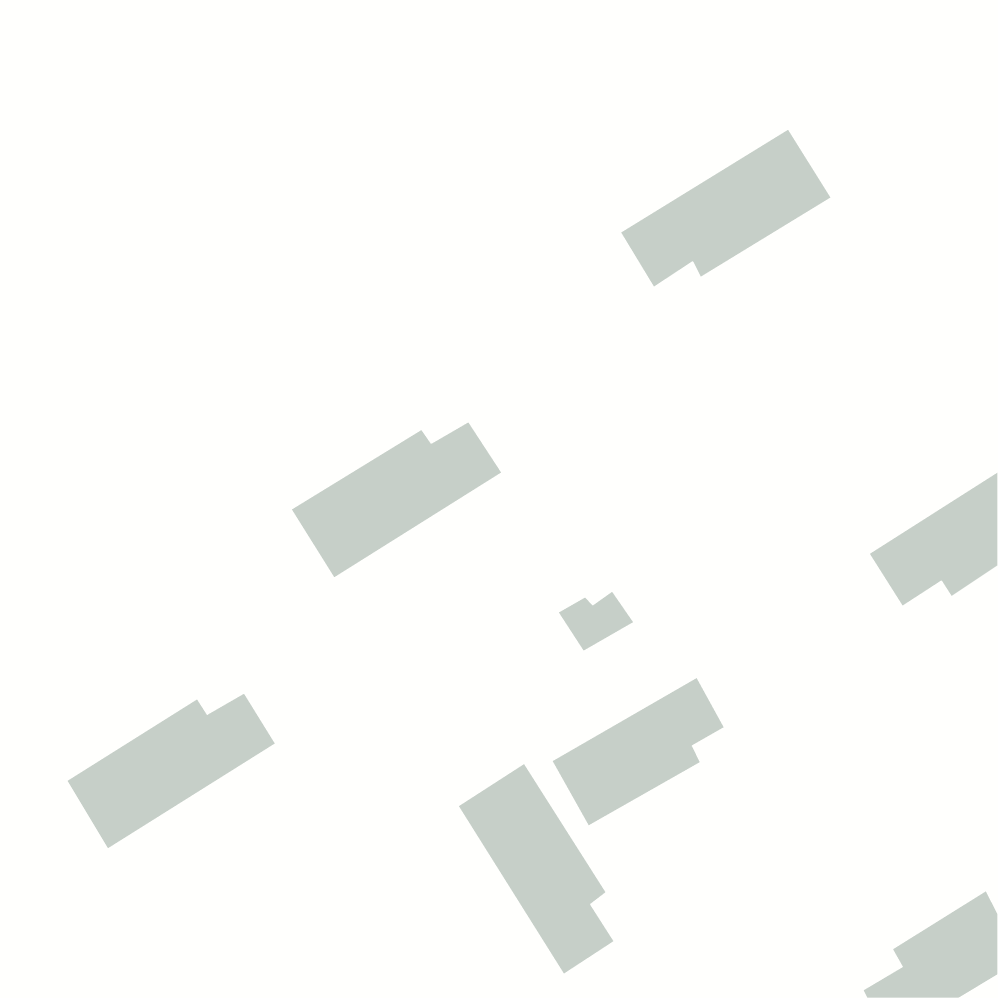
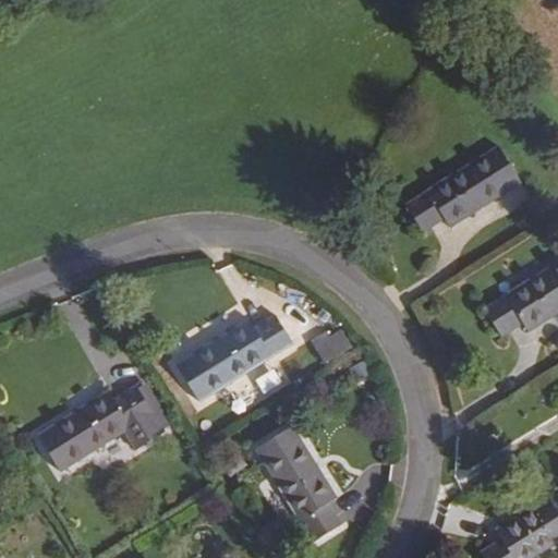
building: [620,129,832,287] -> [405,145,523,233]
building: [291,421,502,578] -> [177,315,294,402]
building: [552,677,725,826] -> none

